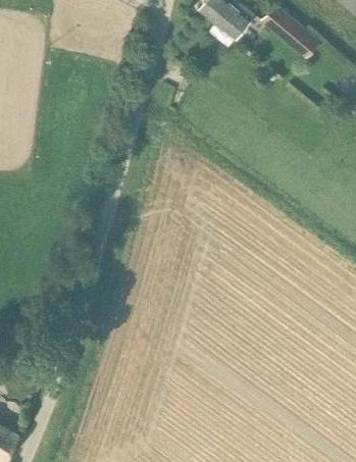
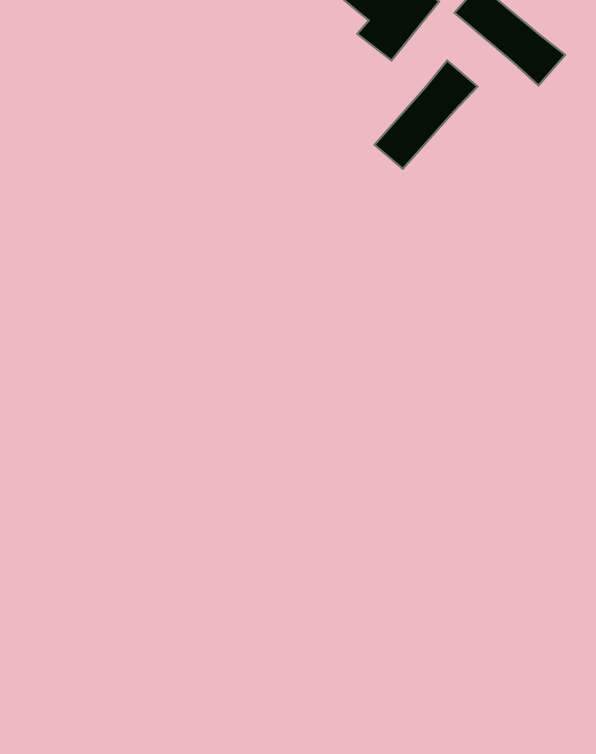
building: none -> [375,61,477,169]

